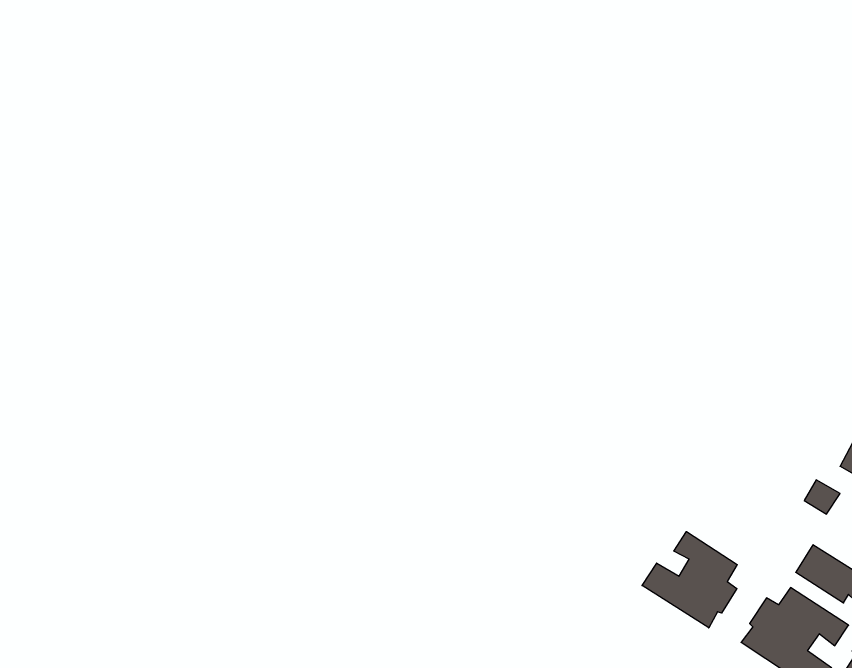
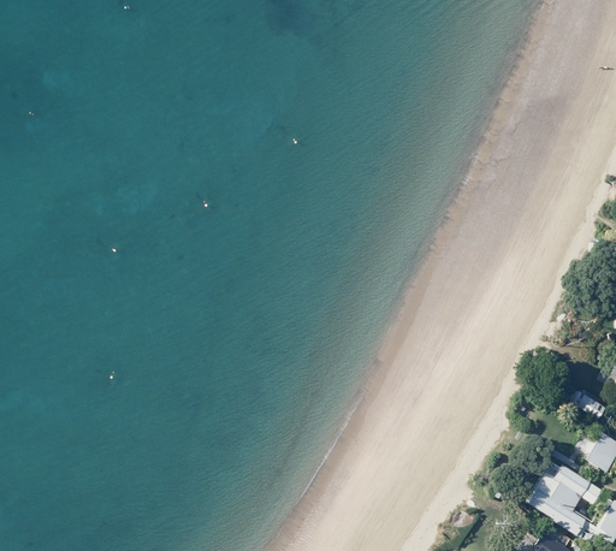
building: [642,532,737,628] -> none

